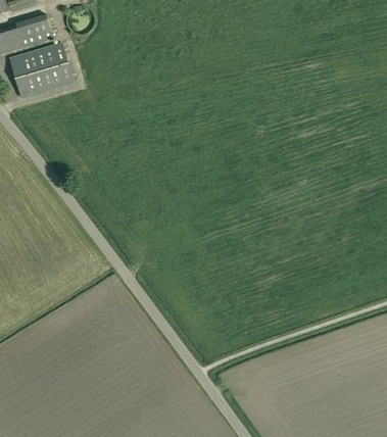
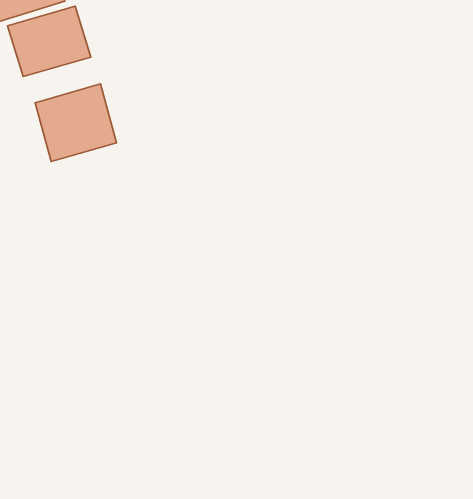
building: none -> [35,84,116,162]

